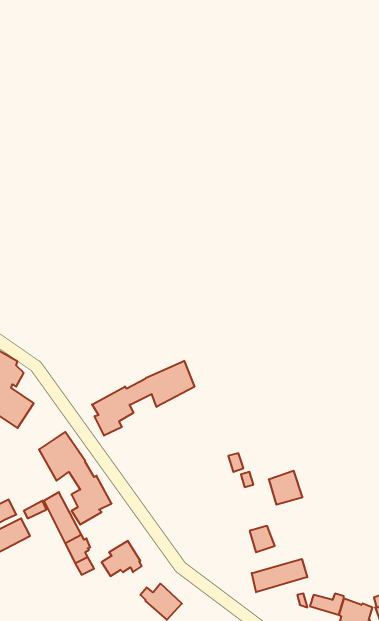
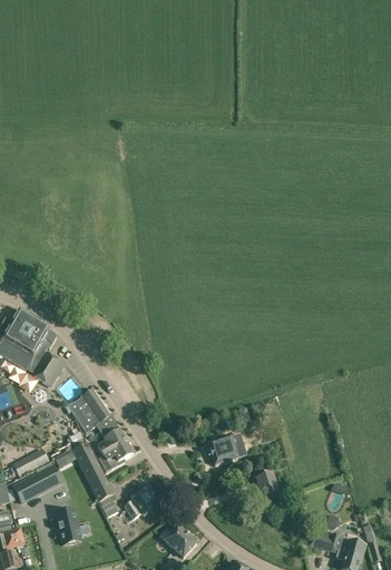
building: [92,361,194,436] -> none
building: [269,471,303,505] -> [208,434,238,464]
building: [252,559,307,592] -> none
building: none -> [56,509,80,544]

